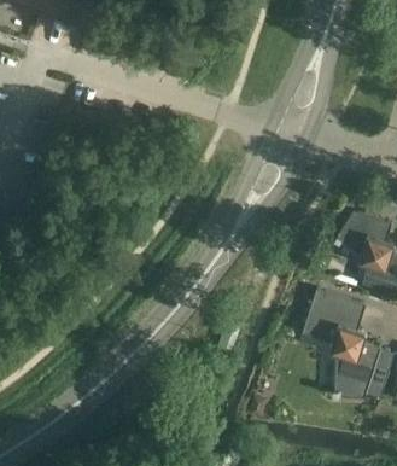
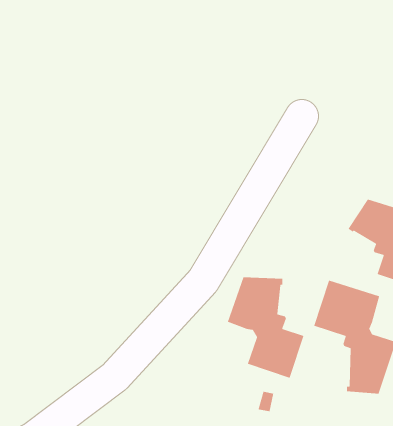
building: none -> [227,276,304,379]

